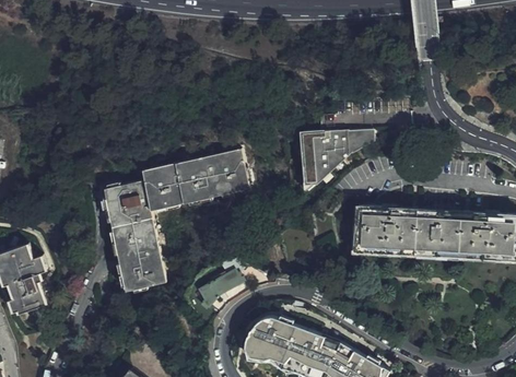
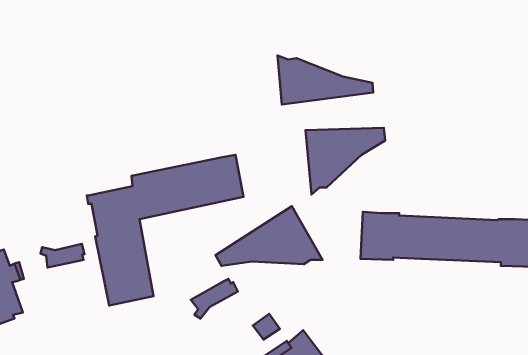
building: none -> [277,56,373,104]
building: none -> [215,206,322,266]
building: none -> [41,244,84,268]

